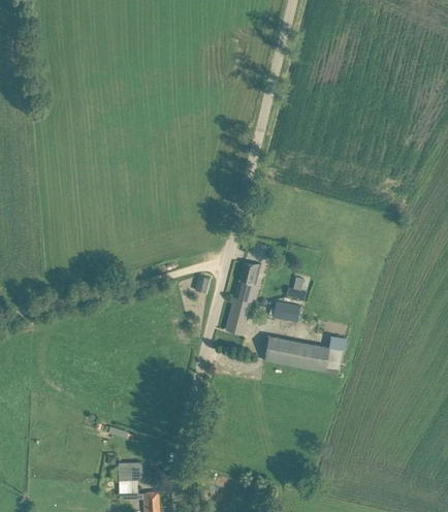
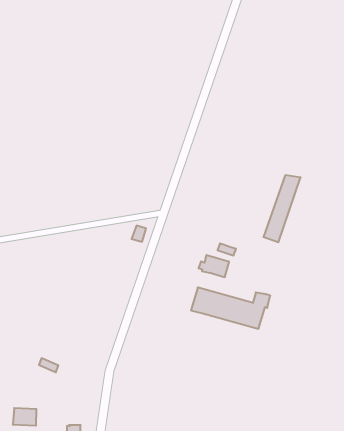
building: [226,262,260,333] -> [263,175,301,242]
building: [119,461,143,480] -> [13,408,36,426]

